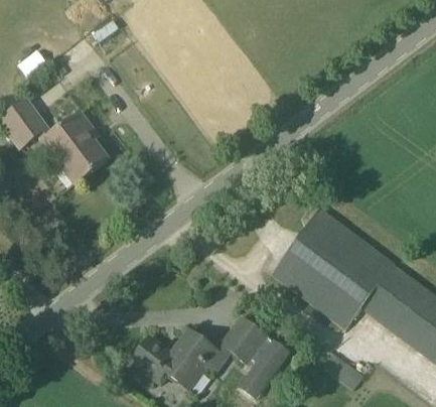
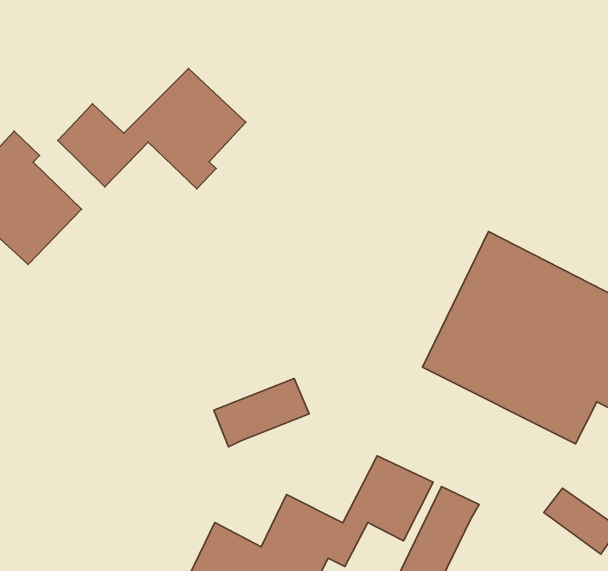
building: none -> [58,68,246,189]
building: none -> [214,379,309,447]

